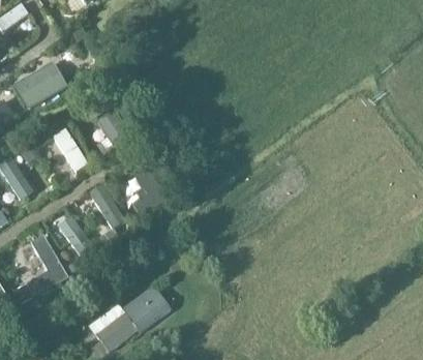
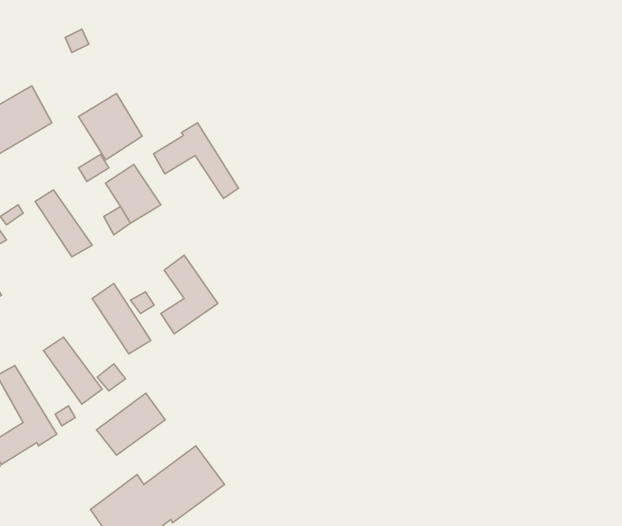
building: none -> [79,93,142,160]
building: none -> [153,123,238,198]
building: none -> [97,393,165,455]

